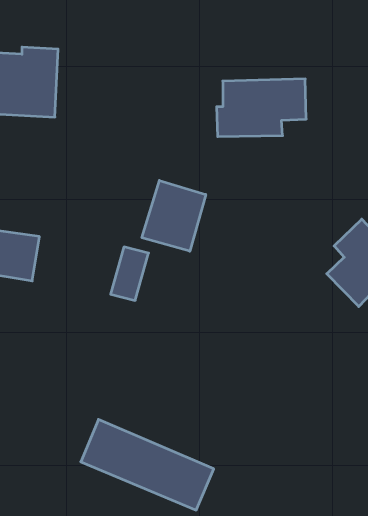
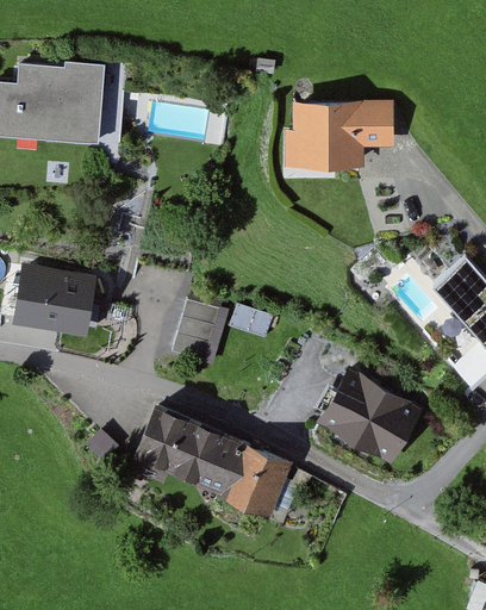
building: [142,180,206,251] -> none
building: none -> [323,378,410,458]
building: [81,419,214,510] -> [135,417,288,522]

